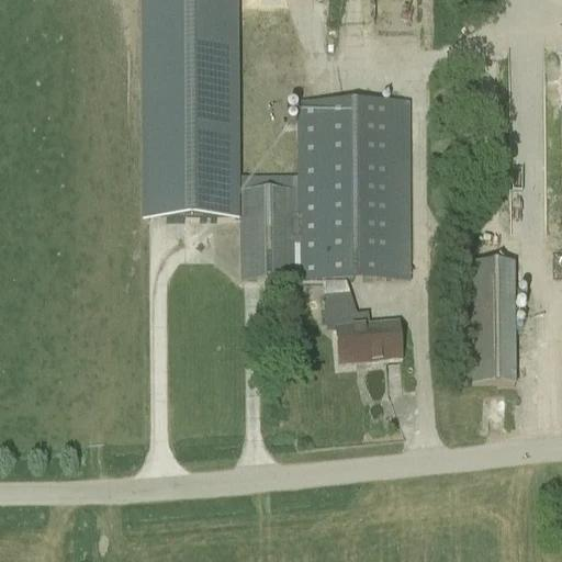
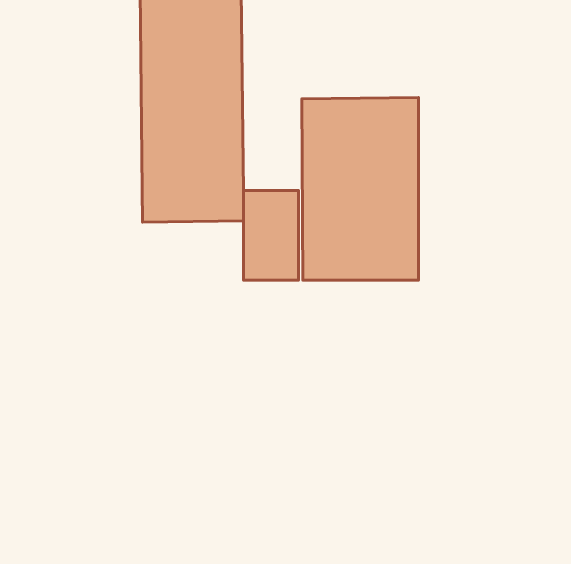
building: [461,261,516,381] -> none
building: [326,290,402,359] -> none

